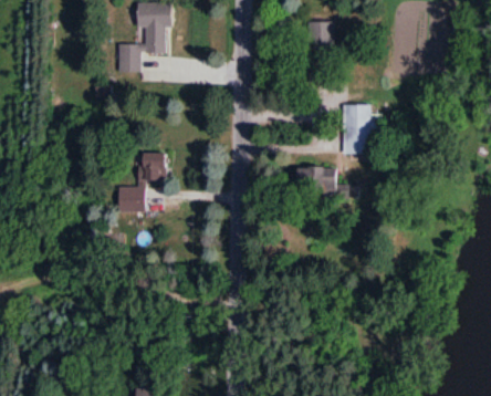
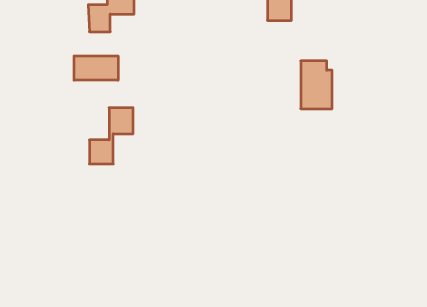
building: none -> [74,56,118,80]
building: [296,166,335,192] -> none

